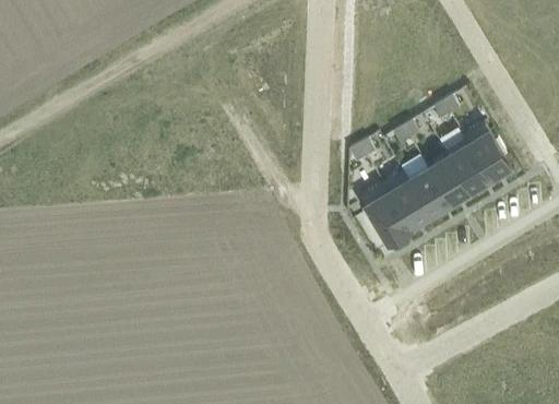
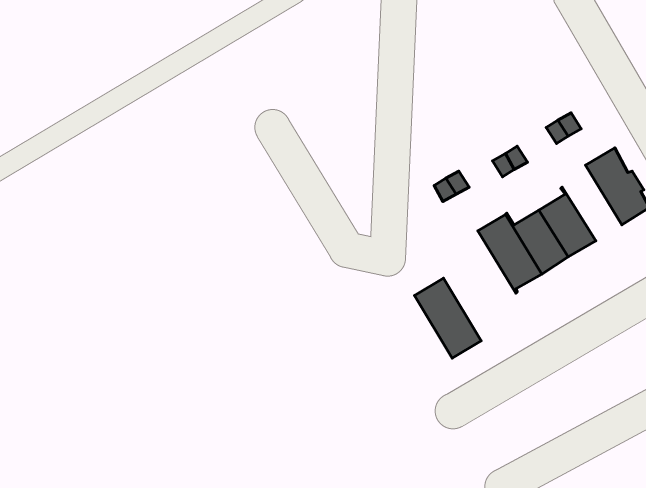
building: [445,138,490,194] -> none
building: [360,187,411,247] -> [414,278,481,358]

